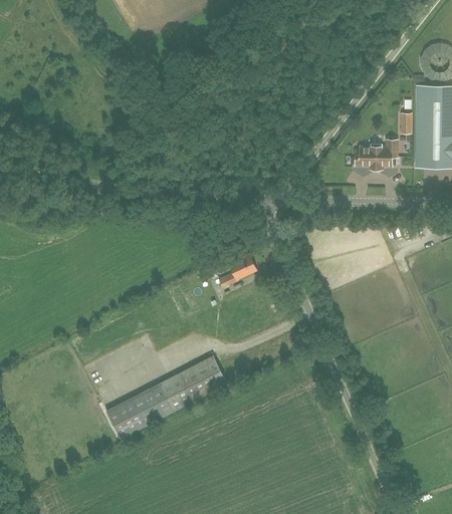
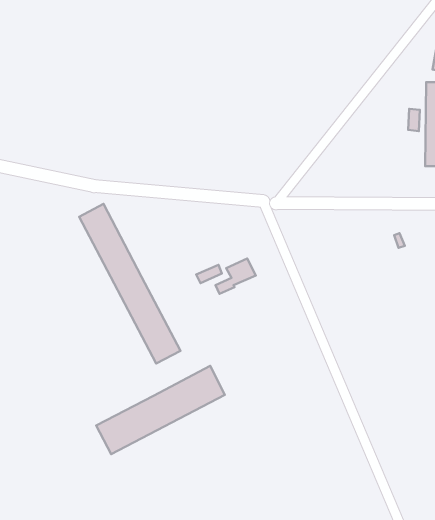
building: [356,139,397,168] -> none
building: none -> [79,204,180,364]

